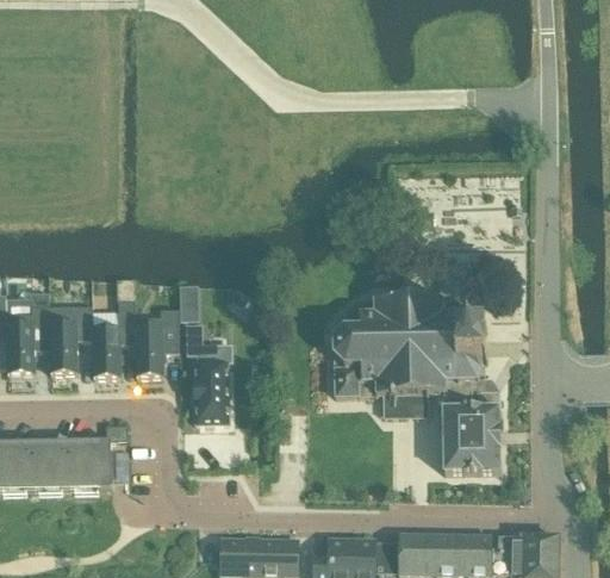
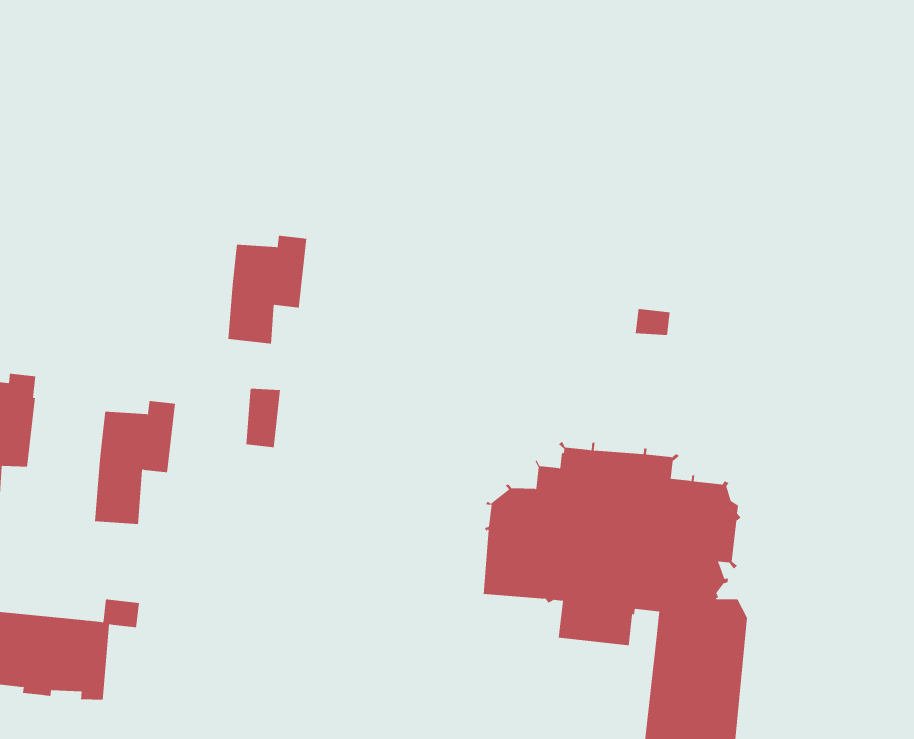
building: [49,306,92,373] -> none
building: [135,310,178,377] -> [228,235,307,344]
building: [186,325,228,424] -> none

